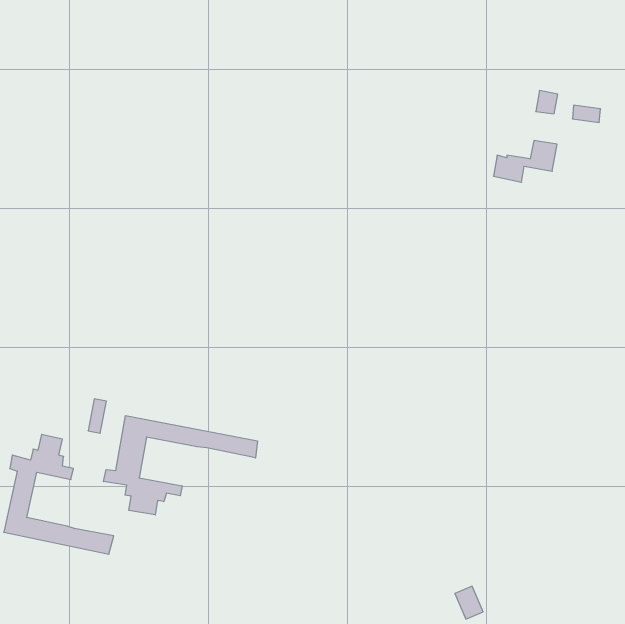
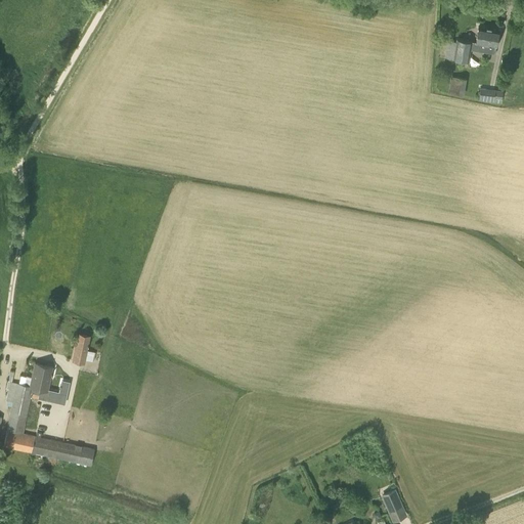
building: [493,141,557,182] -> [445,28,498,62]
building: [103,416,257,515] -> none

